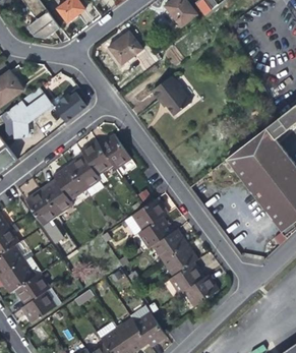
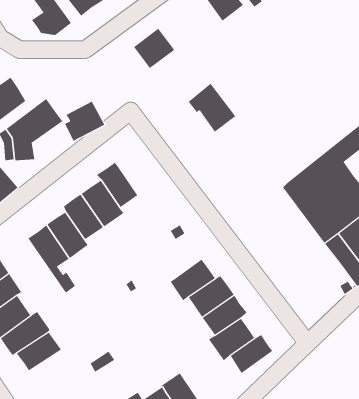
building: [97,131,130,169] -> none
building: [131,197,169,231] -> none
building: [20,288,61,322] -> none

